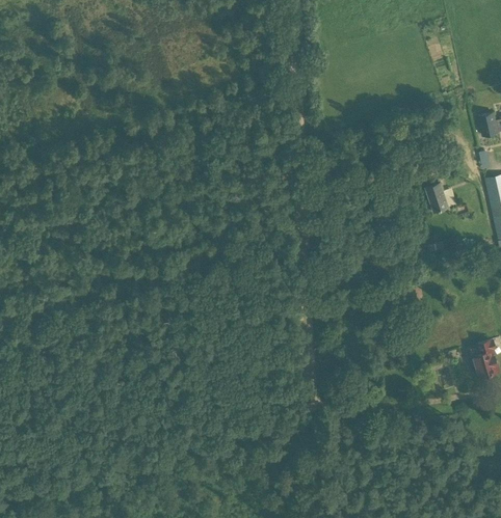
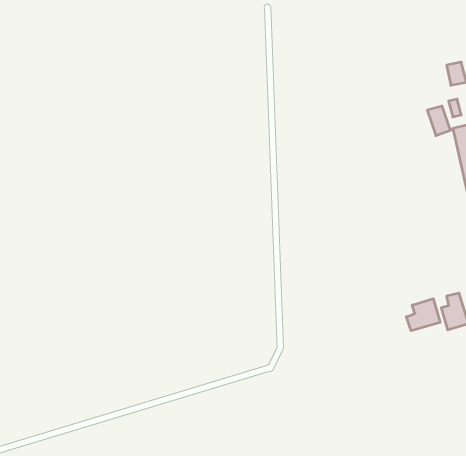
building: [425,184,448,213] -> [427,106,451,136]
building: none -> [406,299,440,331]

